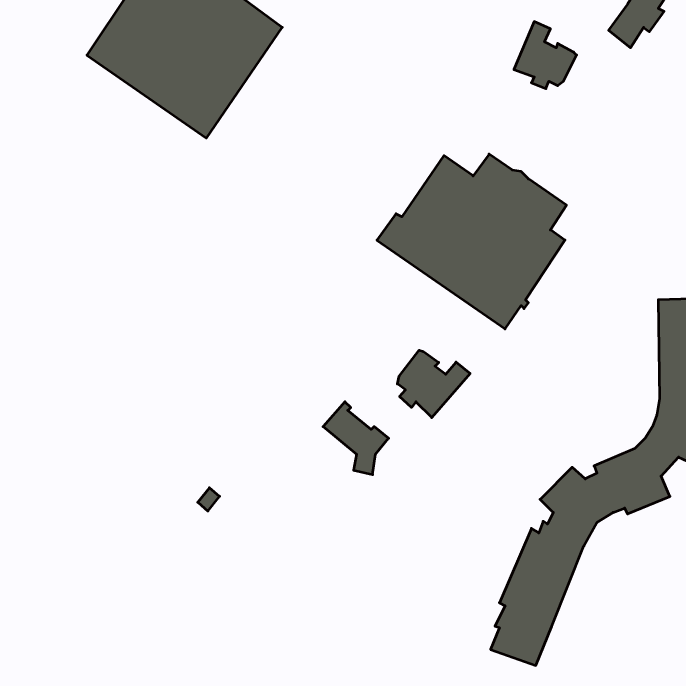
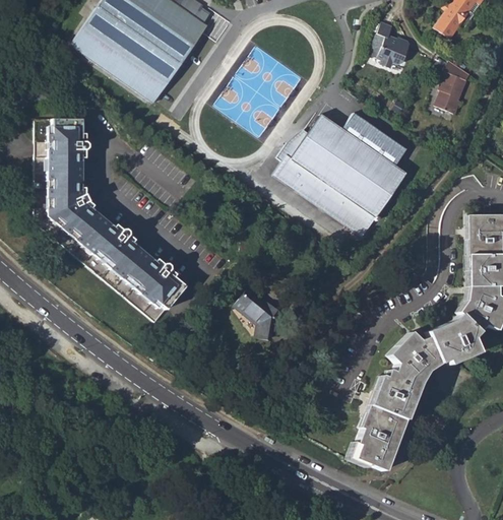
building: none -> [436,59,471,113]
building: none -> [36,120,187,322]
building: [397,350,470,418] -> none

